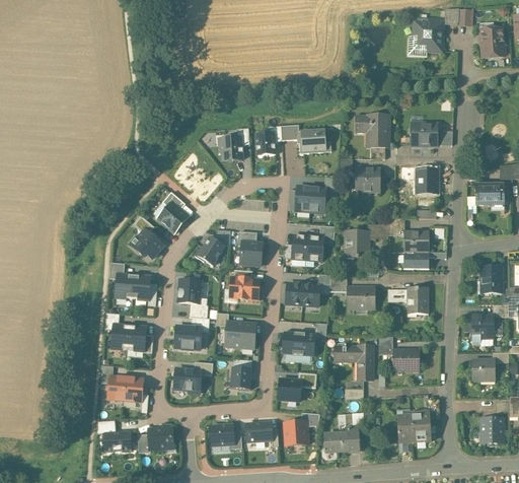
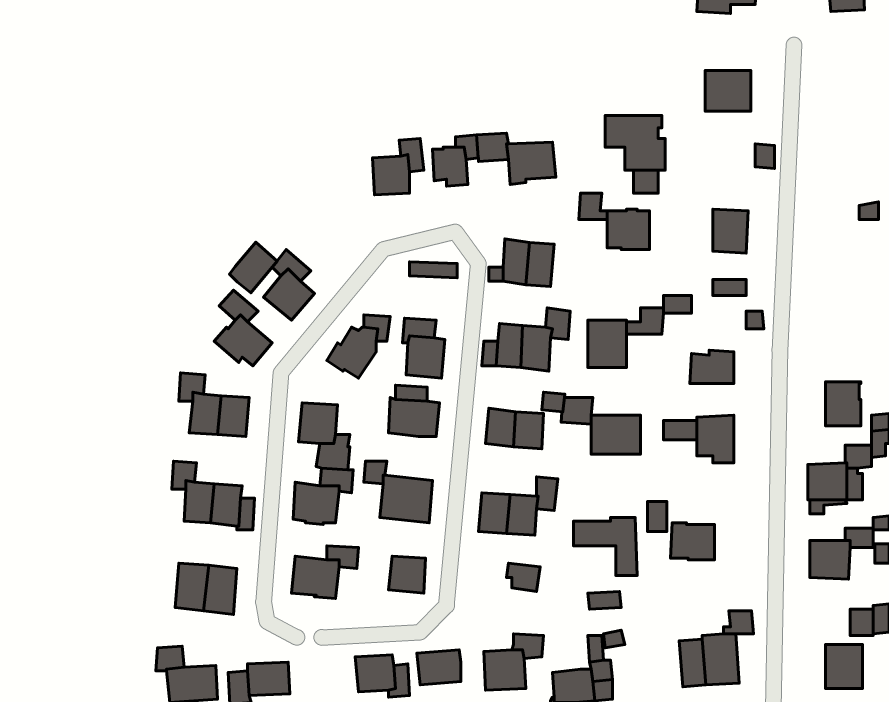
building: [411,123,437,146] -> [705,71,751,111]
building: [475,185,503,205] -> none
building: none -> [230,242,277,293]
building: [404,231,429,253] -> none
building: [279,380,301,401] -> none

